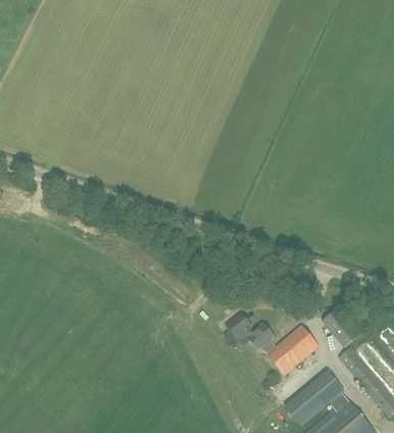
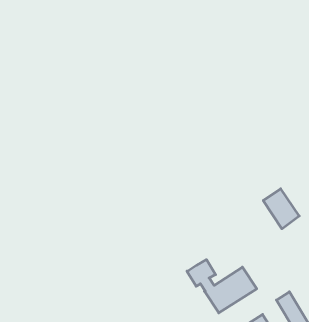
building: [323,305,361,346] -> [263,189,299,229]
building: [223,310,254,340] -> none

